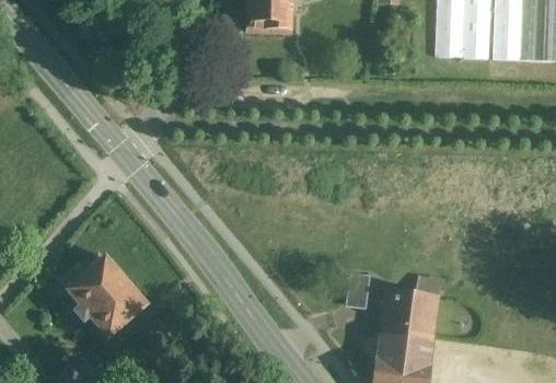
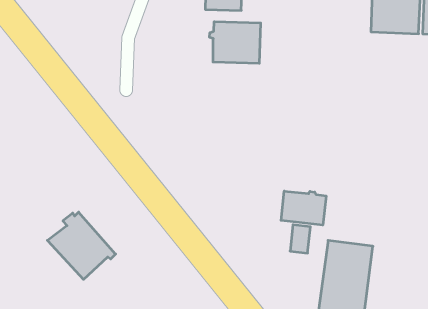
building: none -> [210,22,261,63]
building: none -> [281,191,326,225]

